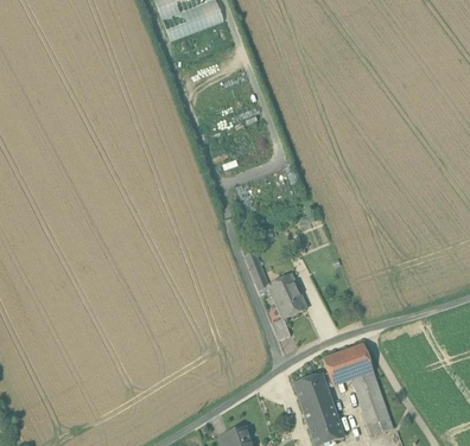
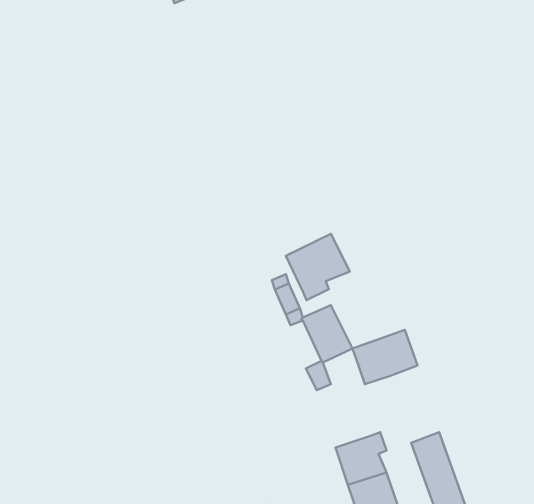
building: none -> [286,234,350,300]
building: [323,343,373,384] -> [352,330,417,384]

